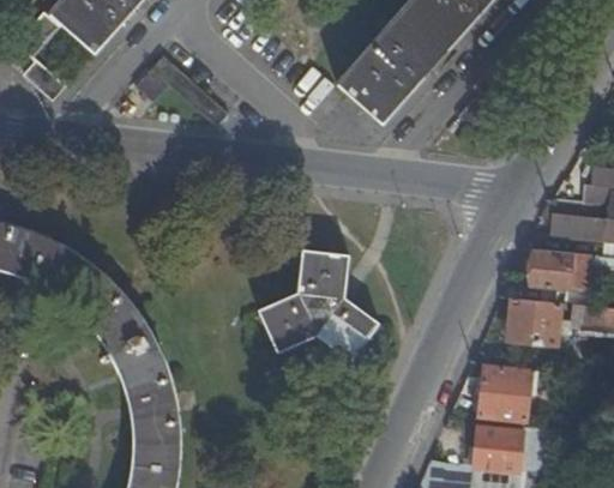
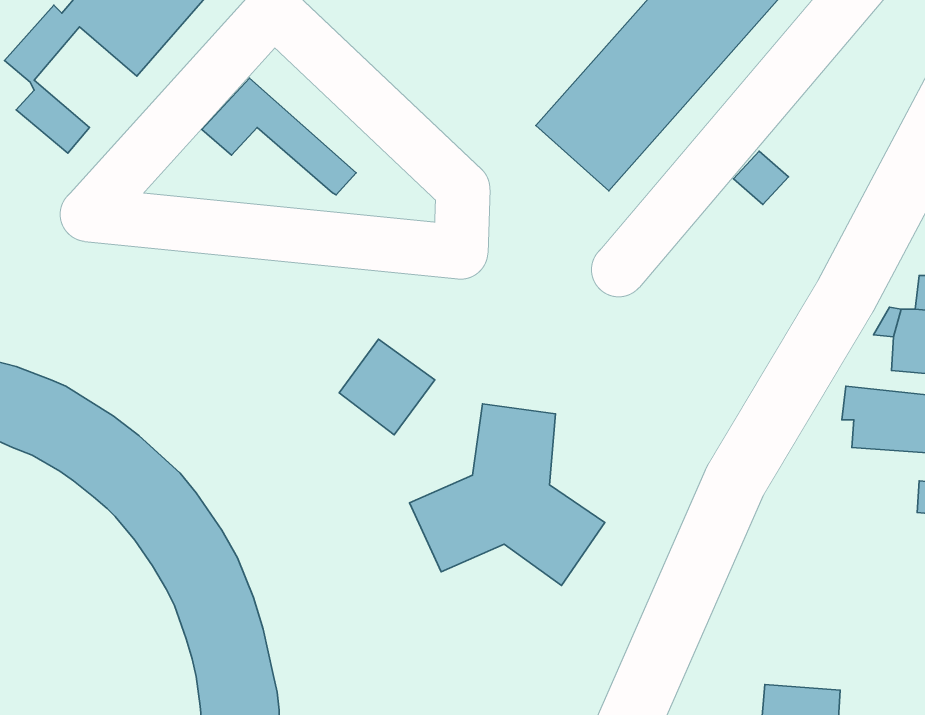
building: none -> [339,339,435,435]
building: [505,294,559,341] -> none
building: [477,362,535,416] -> none

